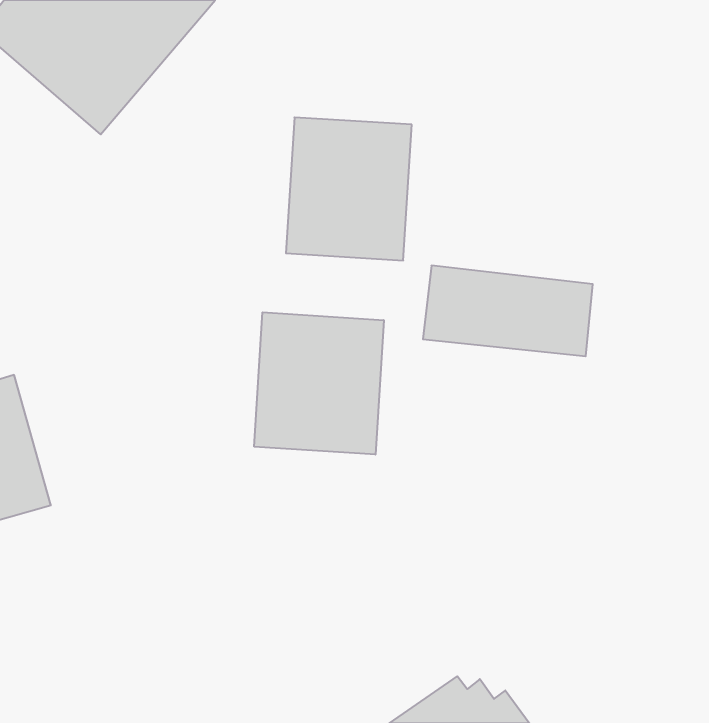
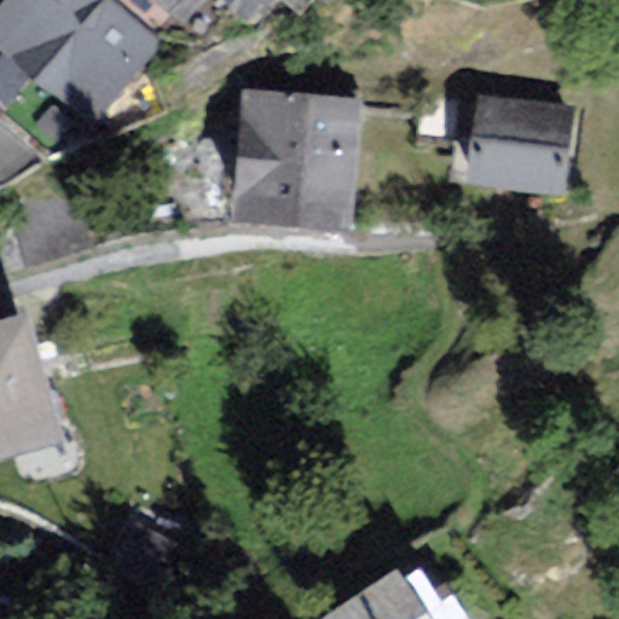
building: [423,266,593,356] -> [416,98,561,175]
building: [254,312,384,455] -> none

